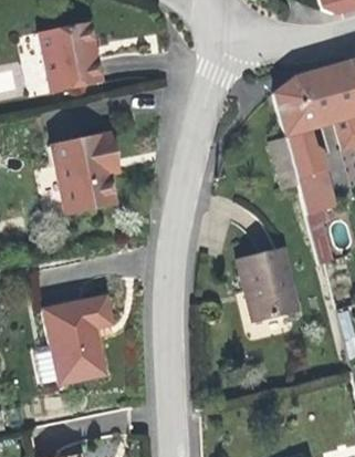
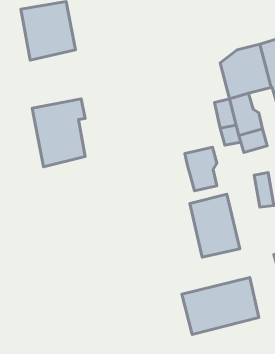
building: none -> [185,147,217,191]
building: [34,293,113,384] -> none
building: none -> [182,278,259,334]

